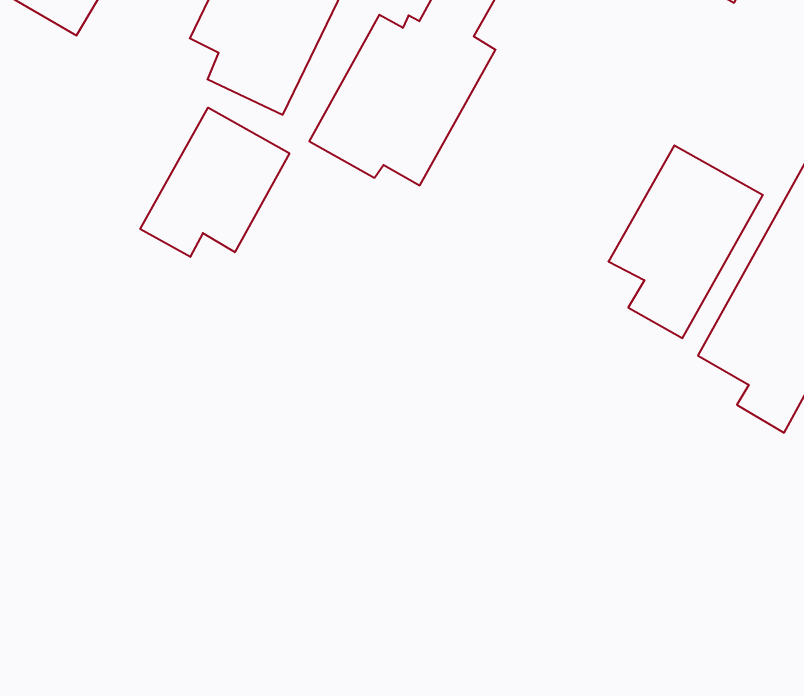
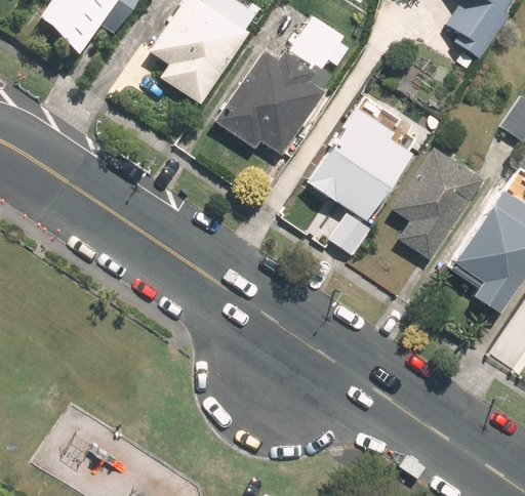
building: none -> [308,98,422,254]
building: [140,108,289,257] -> none

